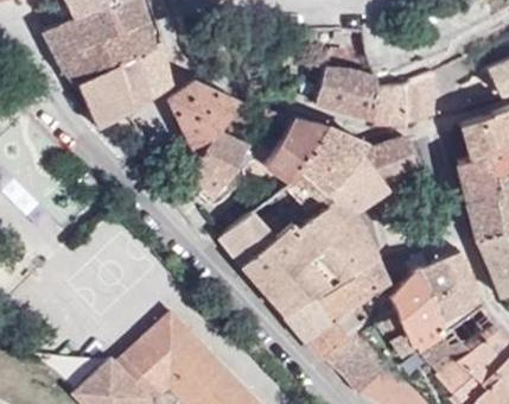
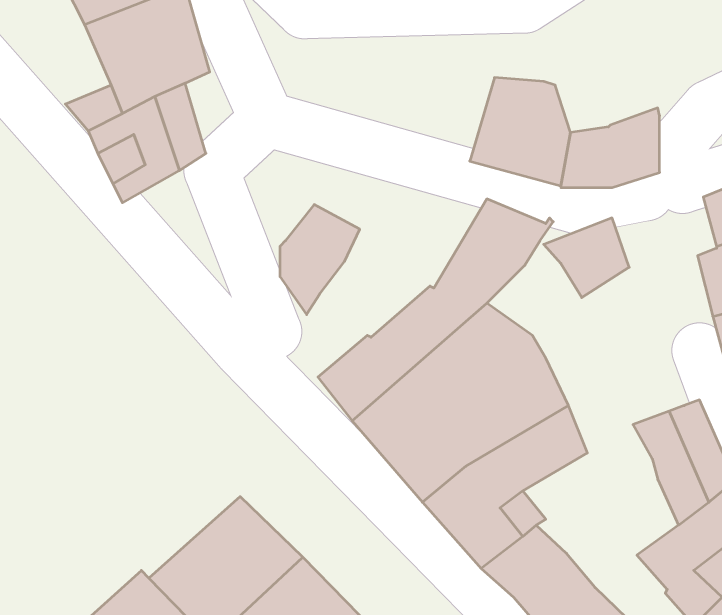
building: [44,18,91,68] -> none
building: [138,44,172,99] -> none
building: [171,83,238,157] -> none
building: [262,109,326,183] -> none
building: [326,153,386,213] -> none
building: [381,269,446,359] -> none

